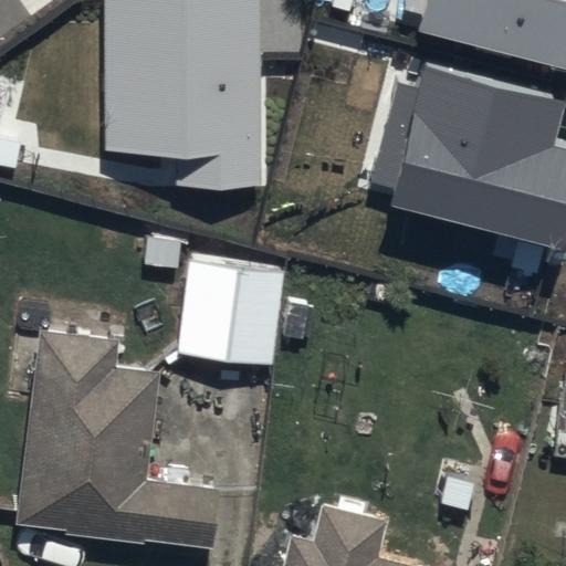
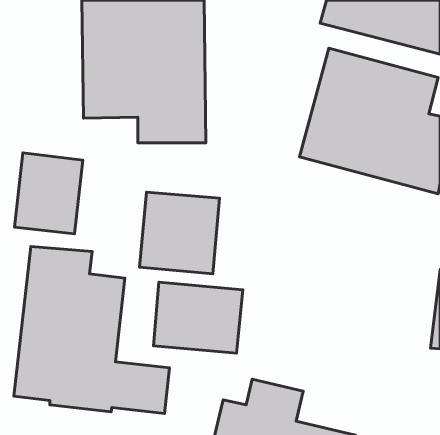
building: none -> [14,153,83,234]
building: none -> [153,282,243,353]

